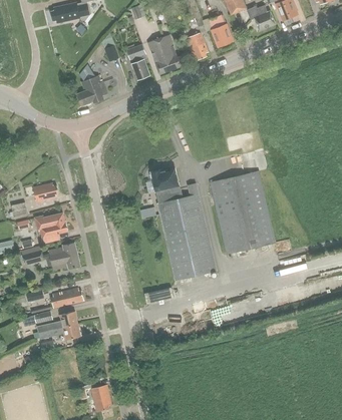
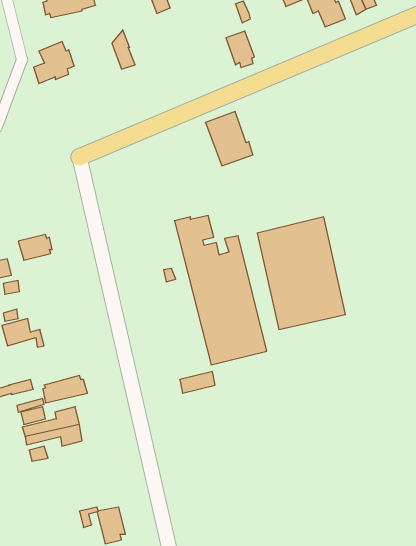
building: [208,15,232,47] -> none
building: [146,34,182,74] -> [205,112,253,166]
building: [125,44,148,79] -> none
building: [76,75,106,106] -> [34,42,74,84]
building: [34,214,66,243] -> none
building: [48,243,79,270] -> none

